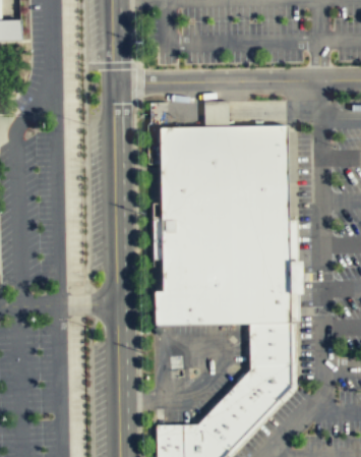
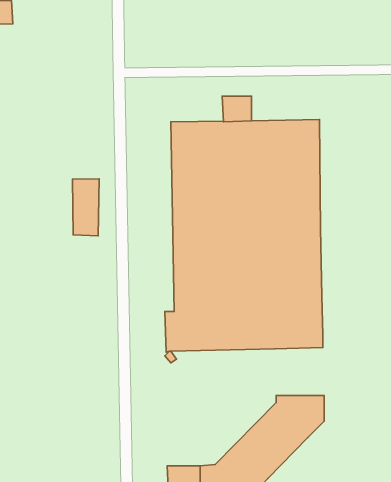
building: none -> [72,179,99,236]
building: [249,322,292,363] -> none

